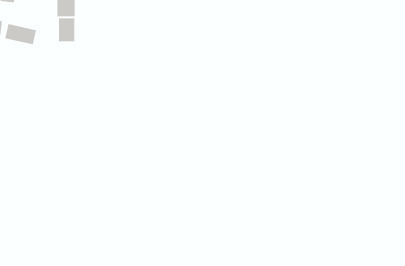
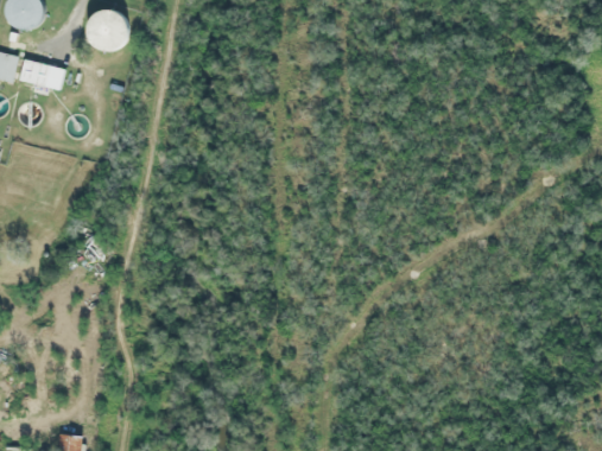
building: [58,18,75,42] -> none

